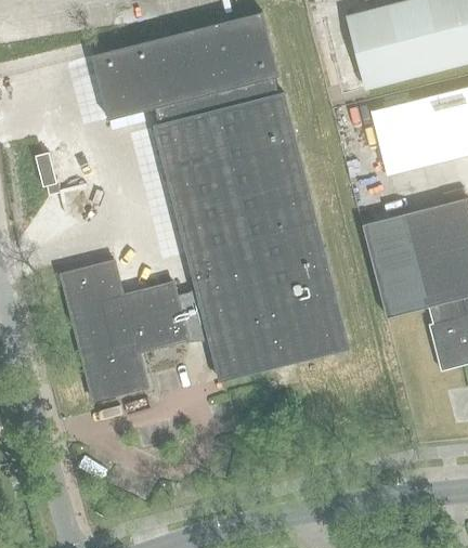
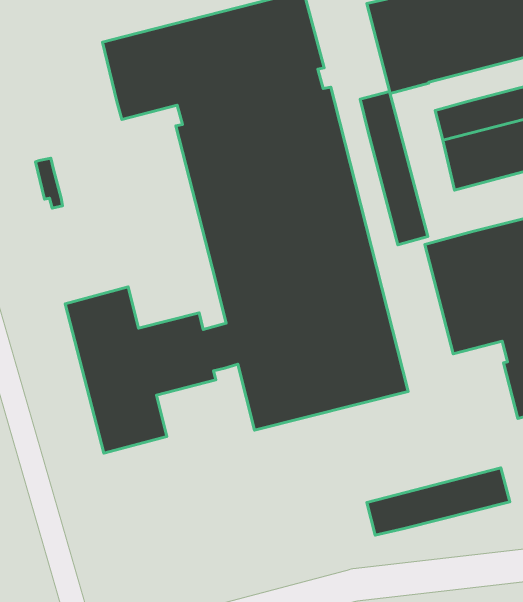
building: none -> [360,91,428,245]
building: none -> [367,468,510,535]

